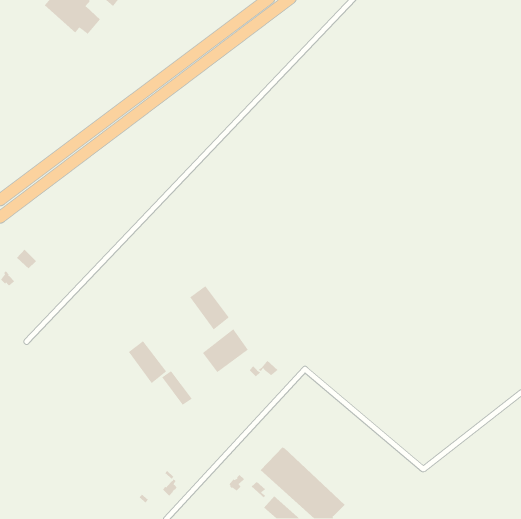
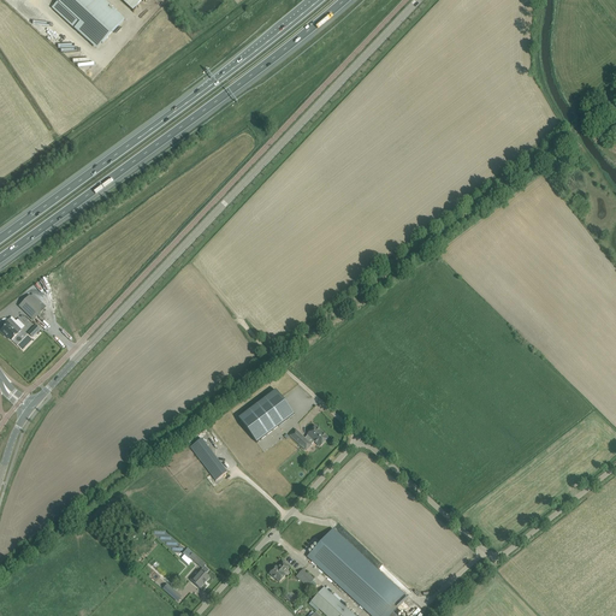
building: [189,285,230,331] -> none
building: [128,340,167,384] -> none

